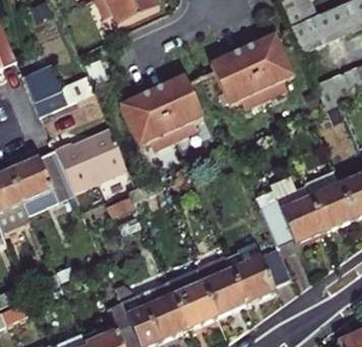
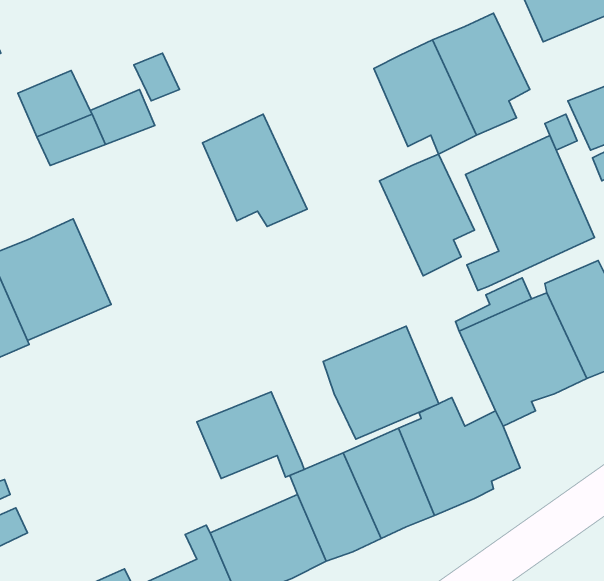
building: [154,75,204,140] -> [379,154,475,276]
building: none -> [465,135,594,290]
building: [52,125,125,191] -> none
building: none -> [323,326,439,439]
building: none -> [197,392,304,478]

